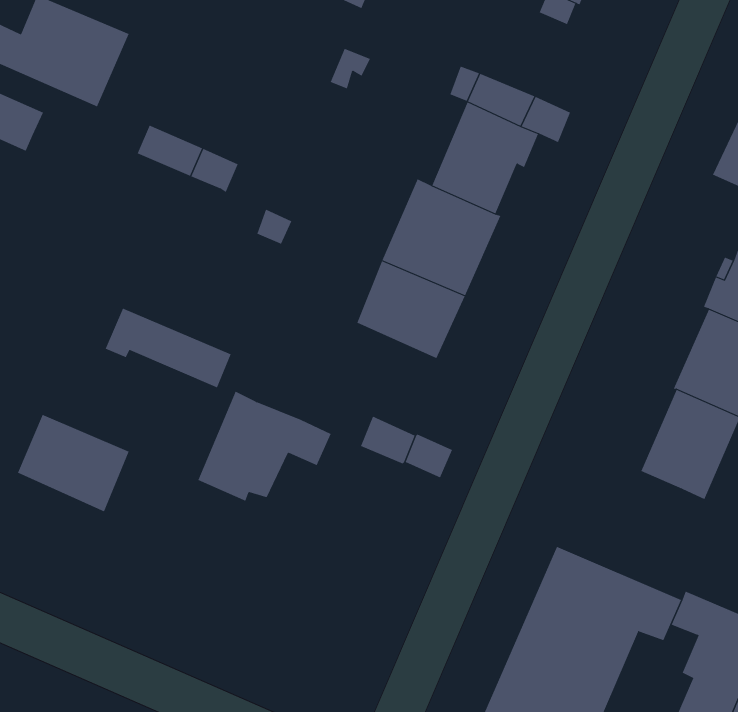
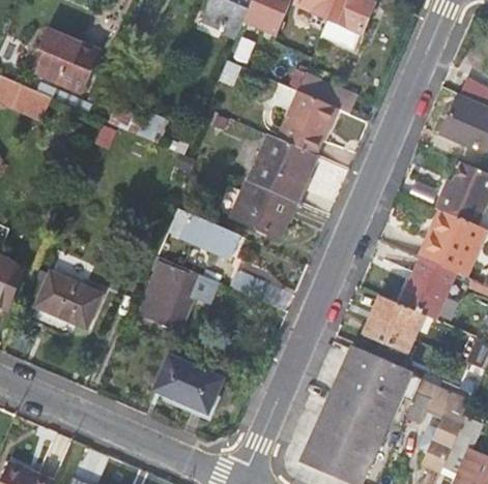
building: [105,308,232,388] -> [167,208,240,254]
building: none -> [361,296,422,354]
building: none -> [155,354,223,412]

